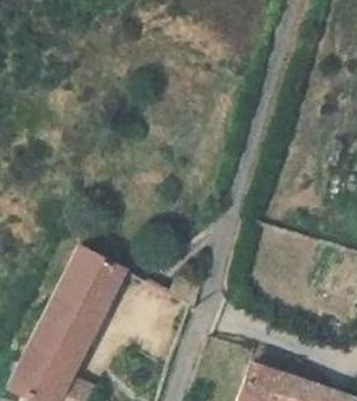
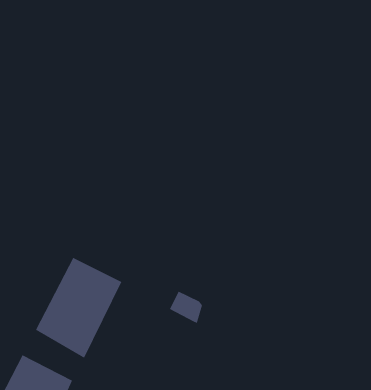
building: [35,313,92,360] -> none

